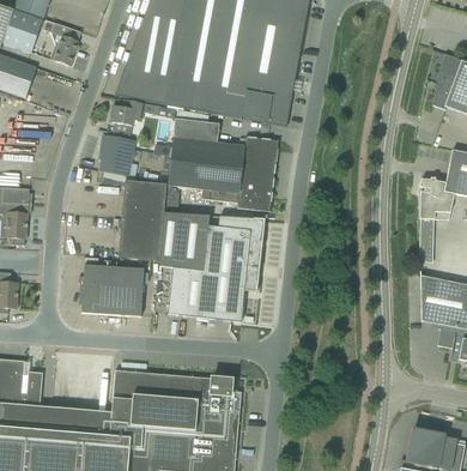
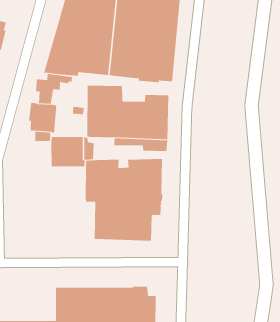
building: [117,218,164,260] -> none
building: [78,265,144,316] -> none

